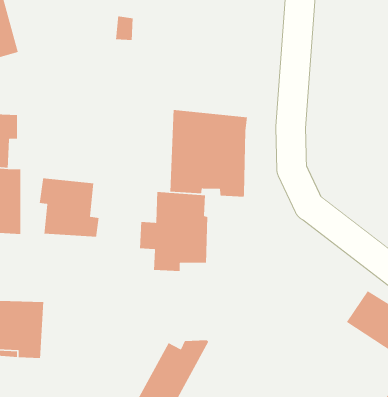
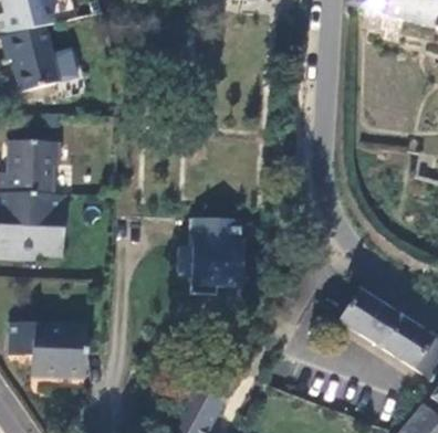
building: [169,109,248,197] -> none
building: [39,178,99,238] -> none
building: none -> [342,287,398,342]

